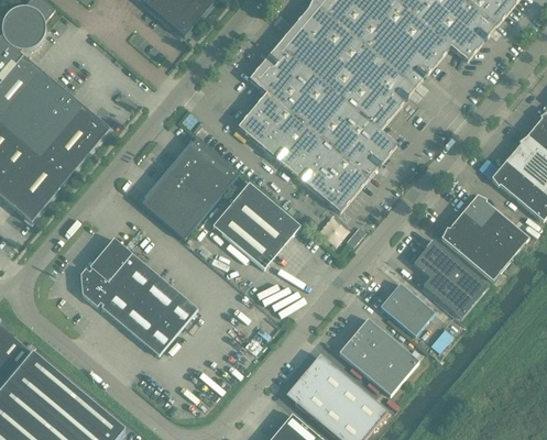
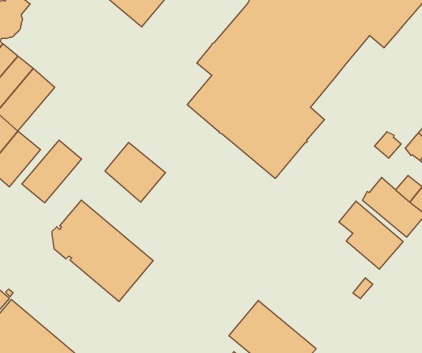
building: [41,107,110,179] -> [22,140,82,203]
building: [169,138,240,206] -> none
building: [212,183,300,268] -> none
building: [463,195,494,226] -> [374,132,401,158]
building: [380,283,435,336] -> none
building: [339,318,419,395] -> none

